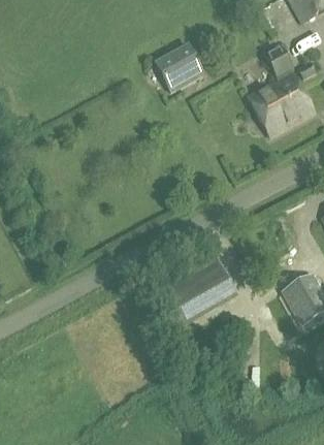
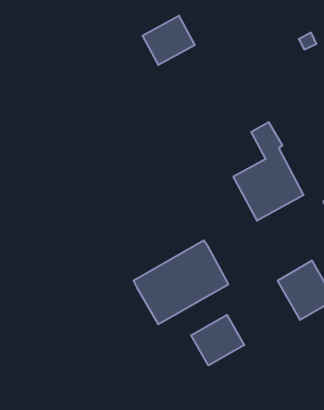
building: [248,44,313,135] -> [233,122,304,221]
building: none -> [191,315,244,365]

